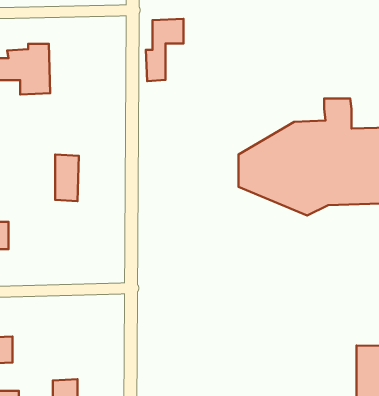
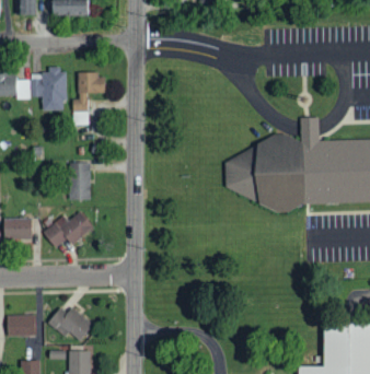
building: [146,19,184,81] -> [73,72,105,125]
building: none -> [43,211,93,247]
building: none -> [47,307,93,341]

